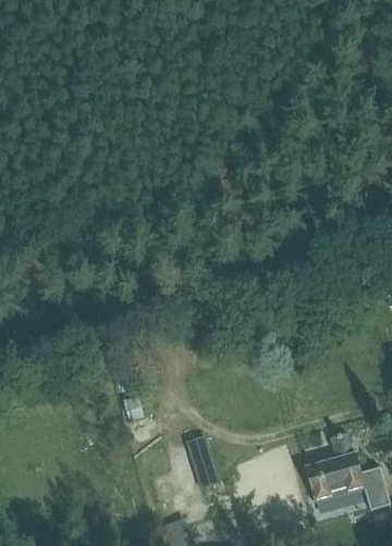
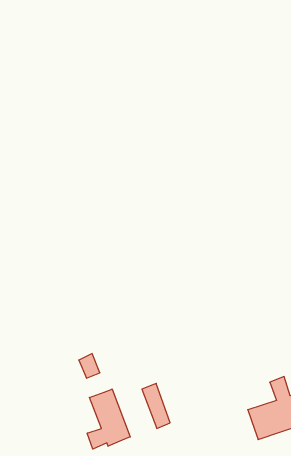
building: none -> [87,389,130,449]

